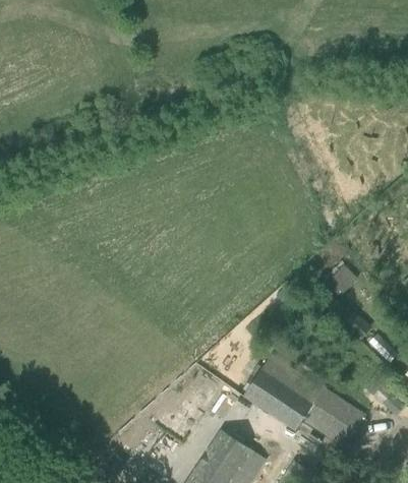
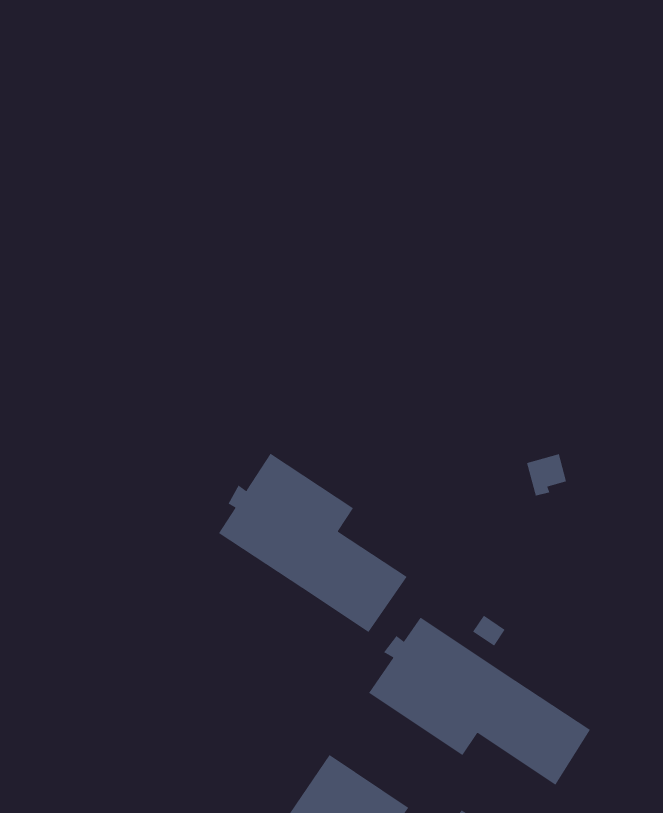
building: none -> [218,453,407,633]

